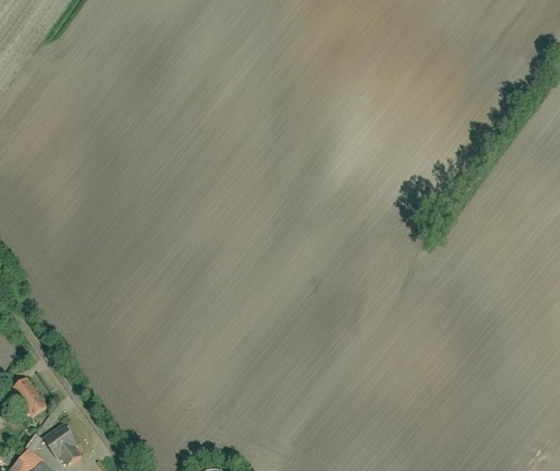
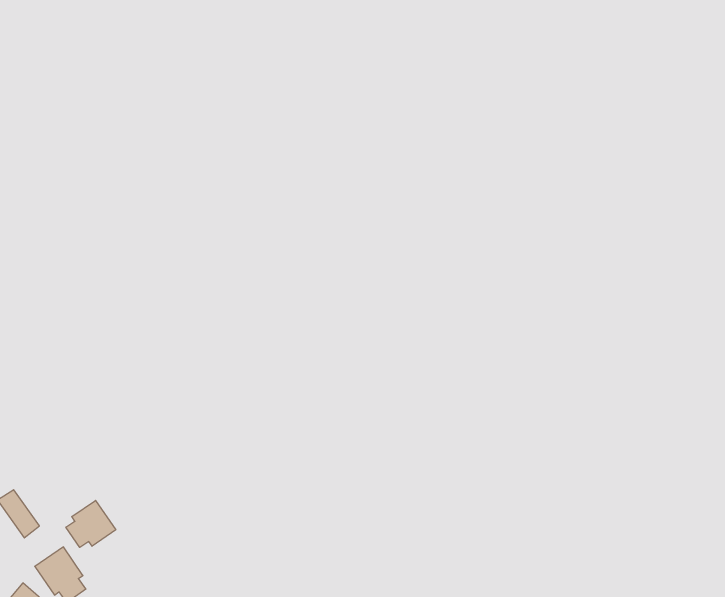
building: none -> [66,500,116,547]

